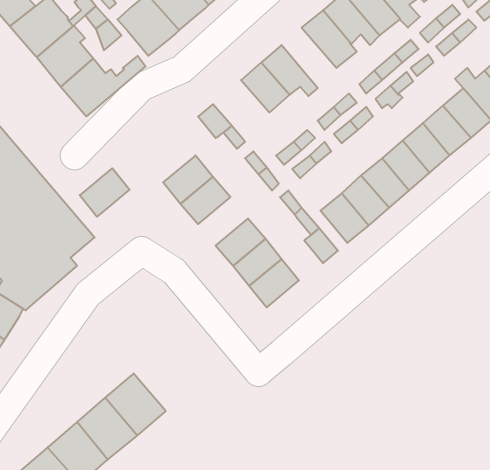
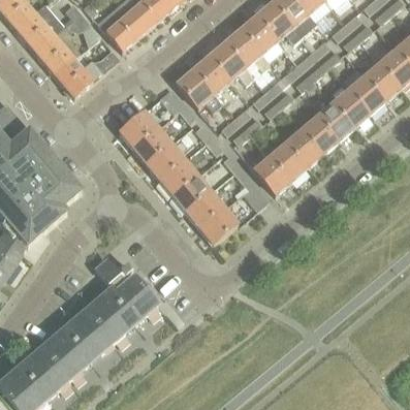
building: none -> [223,29,267,68]
building: none -> [176,69,221,112]
building: [80,168,130,217] -> [119,111,157,148]
building: none -> [159,159,197,196]
building: none -> [94,257,156,323]

